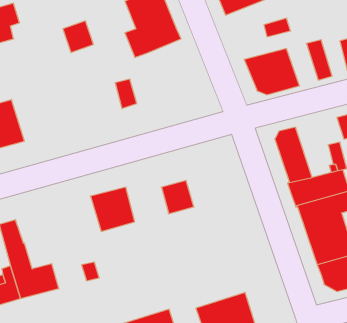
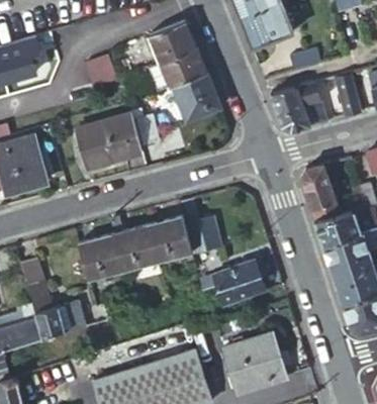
building: none -> [173,73,219,119]
building: none -> [77,112,144,166]
building: none -> [150,216,193,261]
building: none -> [79,234,124,280]
building: none -> [201,261,265,306]

